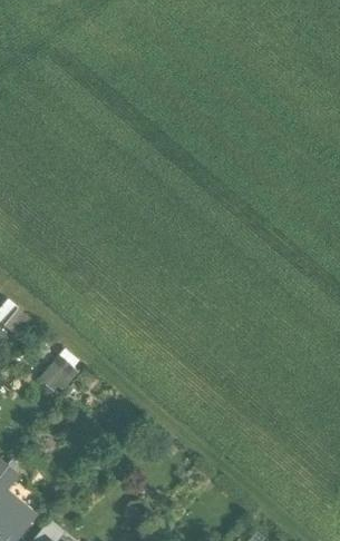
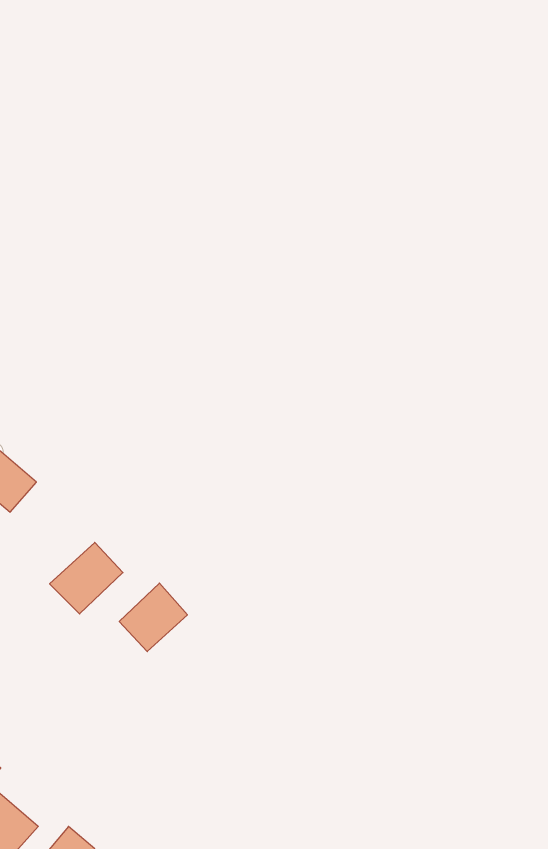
building: none -> [119,583,187,652]

